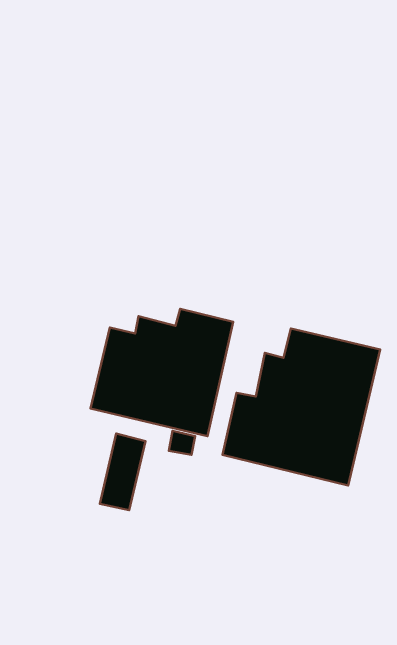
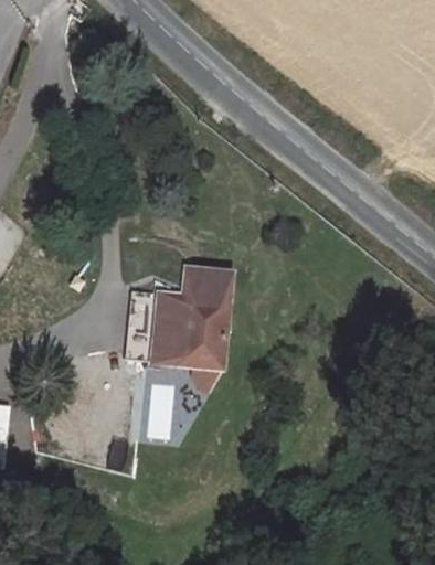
building: [223,329,380,486] -> none

